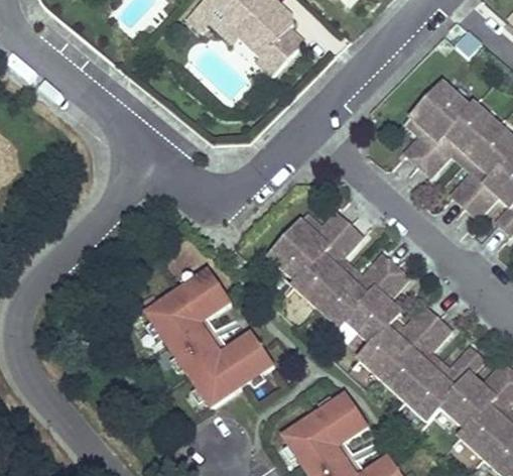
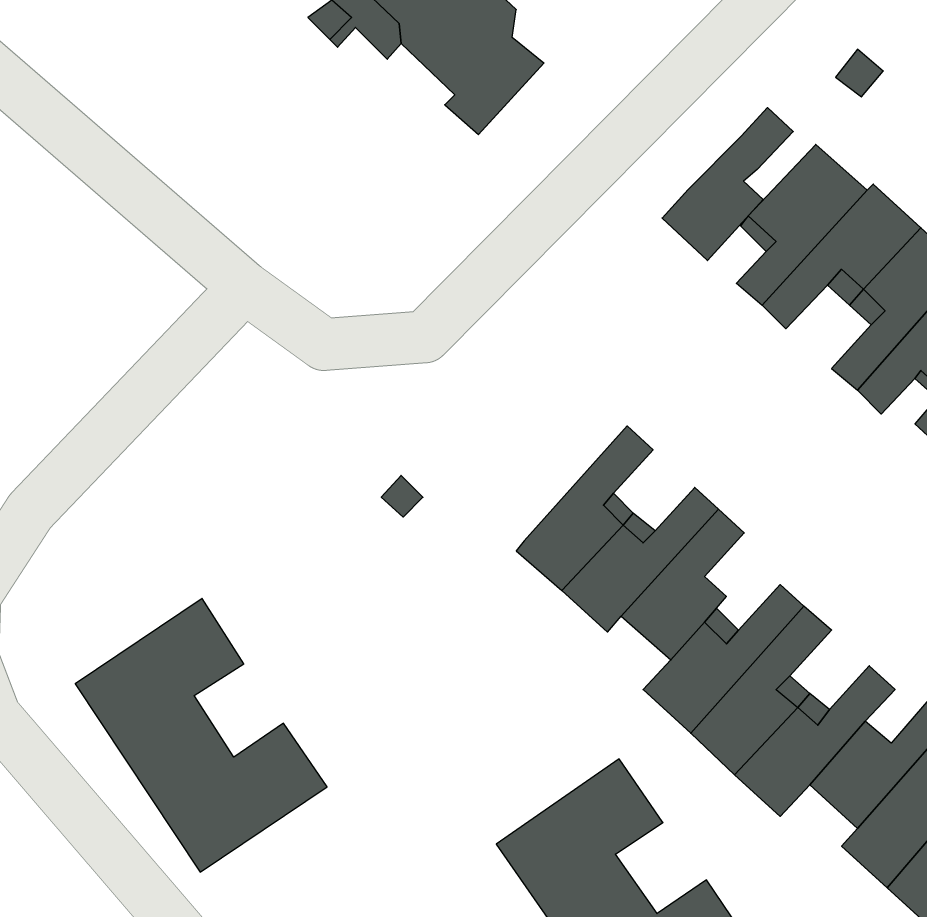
building: none -> [662,108,793,261]
building: [268,212,348,281] -> none
building: [146,268,274,407] -> [75,598,327,872]

